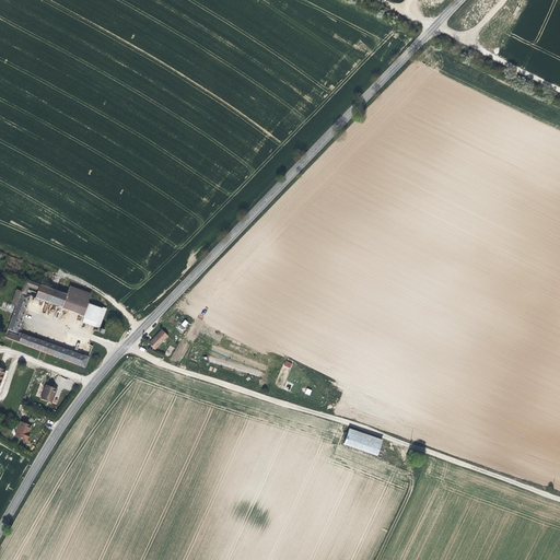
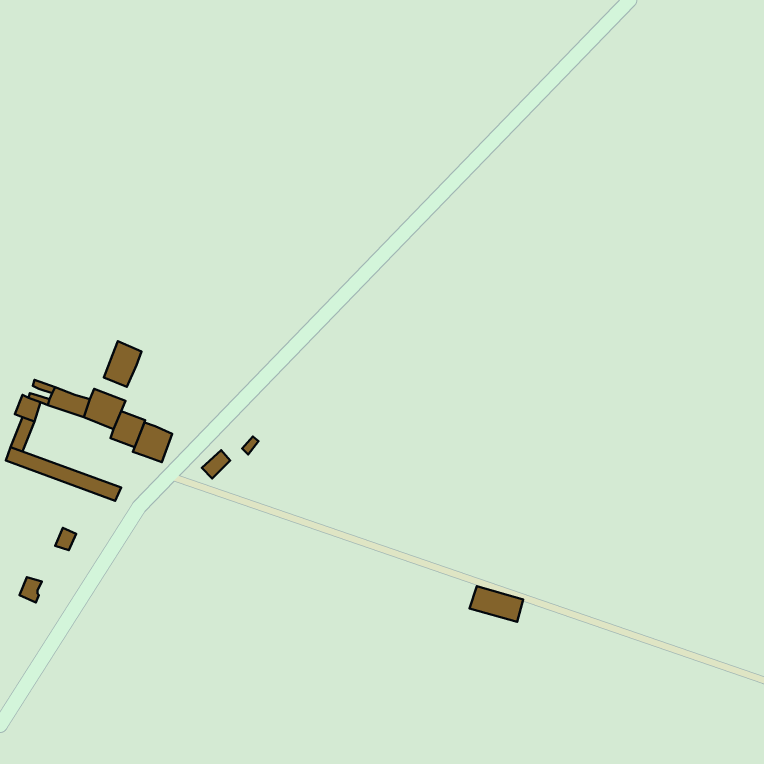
building: none -> [104,341,142,387]
building: none -> [133,423,172,462]

